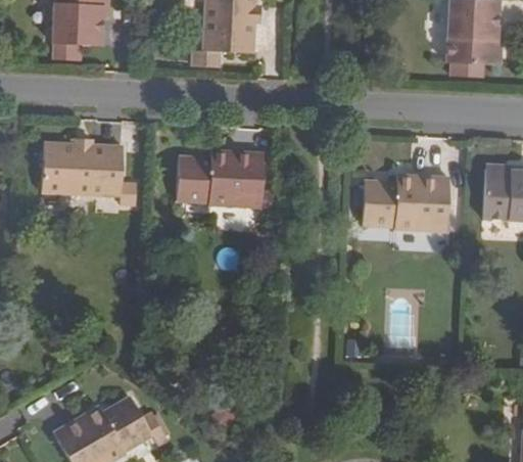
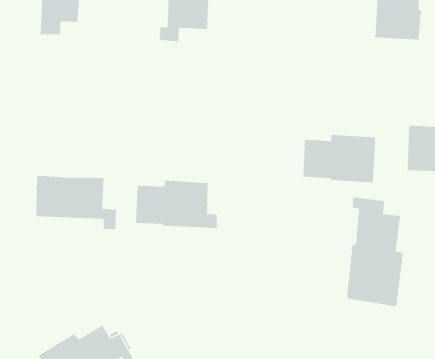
building: [42,144,137,207] -> [35,175,117,230]
building: [178,151,274,207] -> [135,180,217,228]
building: none -> [347,197,403,307]

